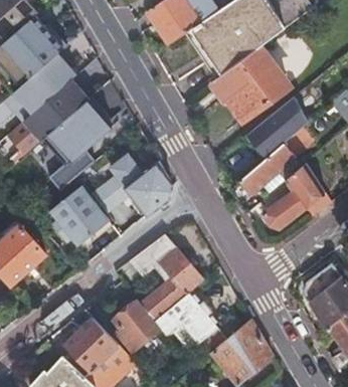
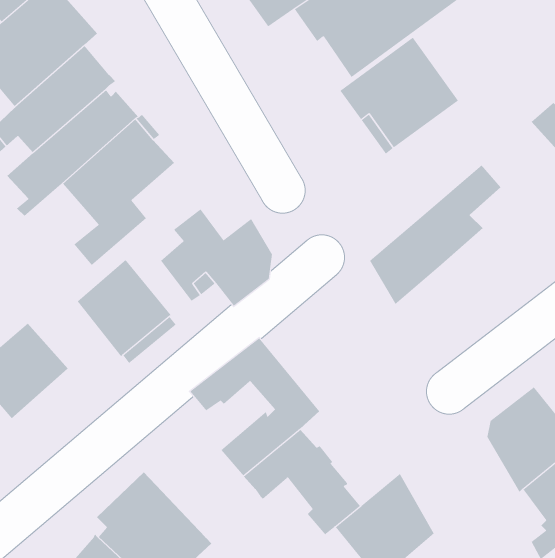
building: [245,84,325,159] -> none
building: [260,165,324,229] -> none
building: [112,300,160,351] -> none

